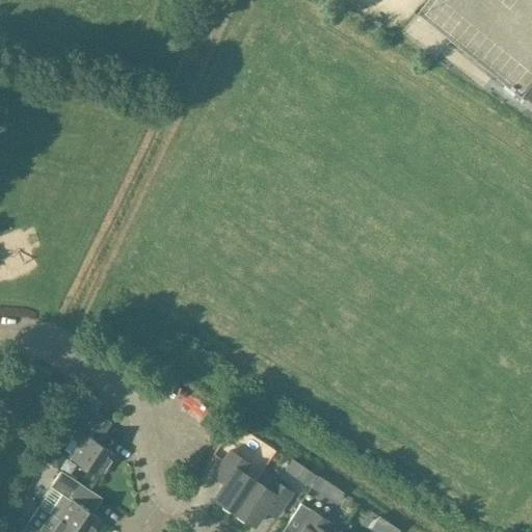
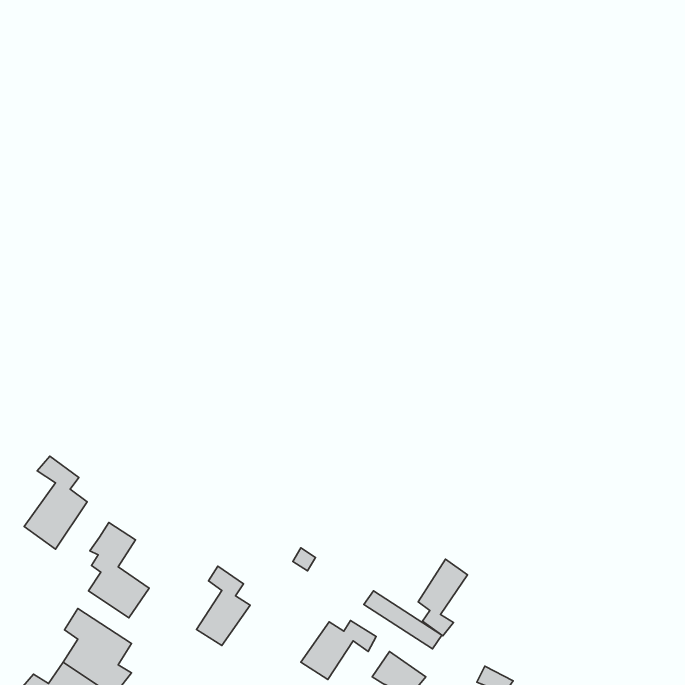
building: none -> [24,456,87,549]
building: none -> [418,559,467,636]
building: [214,452,256,513] -> [196,566,250,645]

